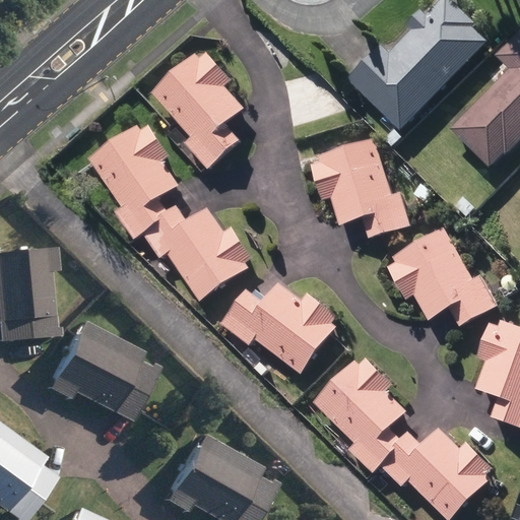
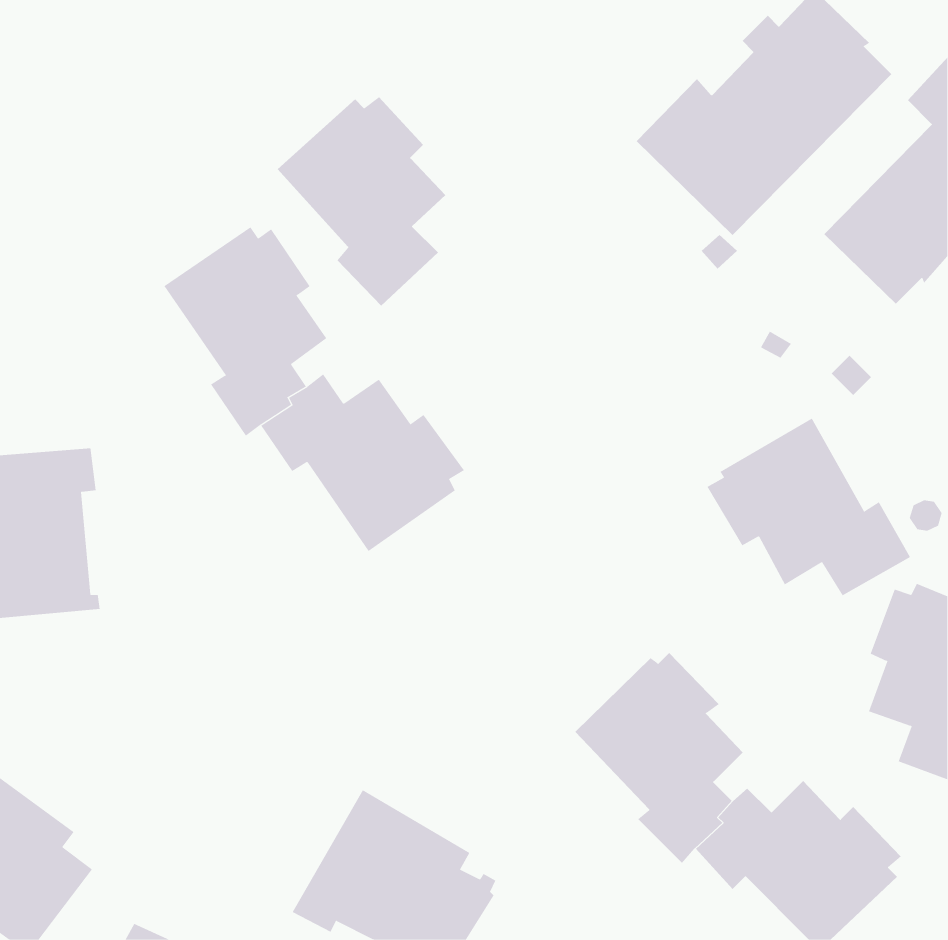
building: [311,138,409,239] -> none
building: [221,282,338,373] -> none
building: [43,318,154,420] -> none

